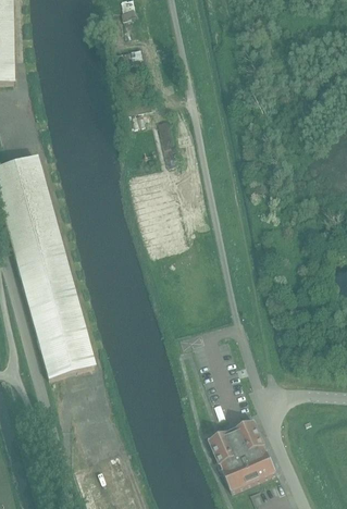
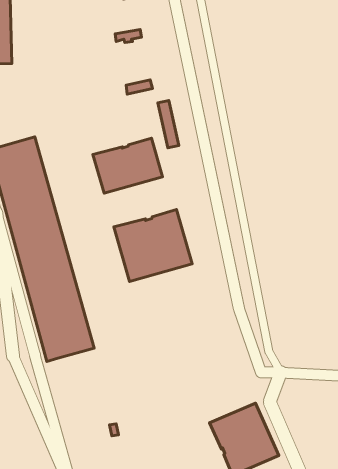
building: none -> [93,138,163,193]
building: none -> [114,209,192,281]

